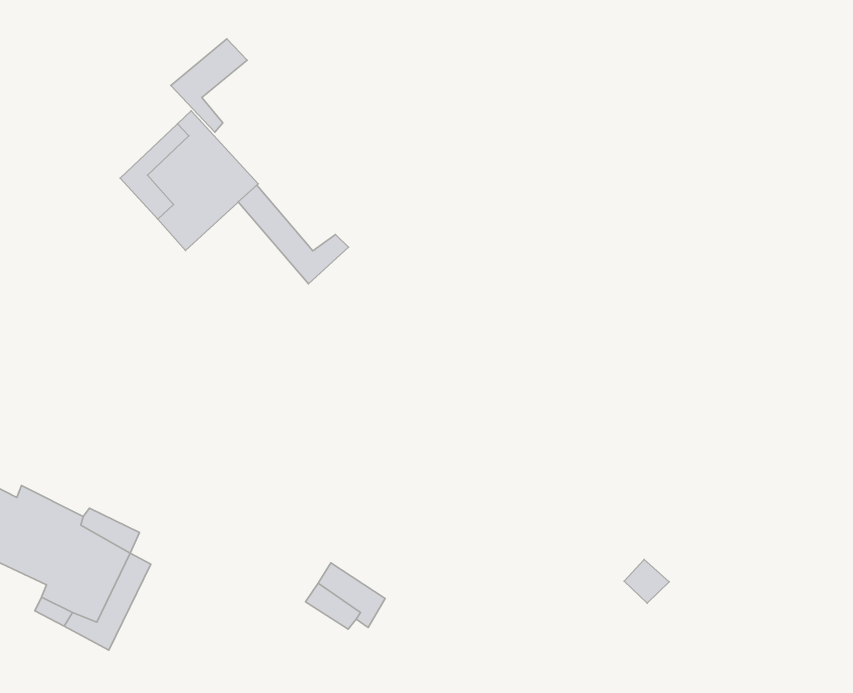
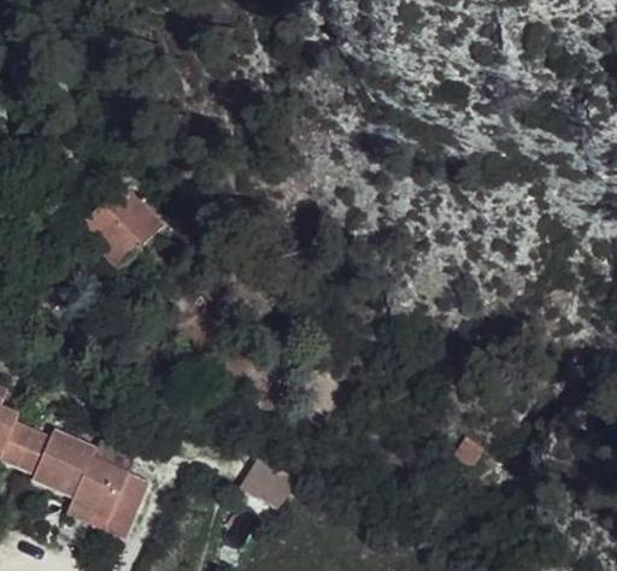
building: [171,39,247,132] -> none
building: [238,185,349,284] -> none

